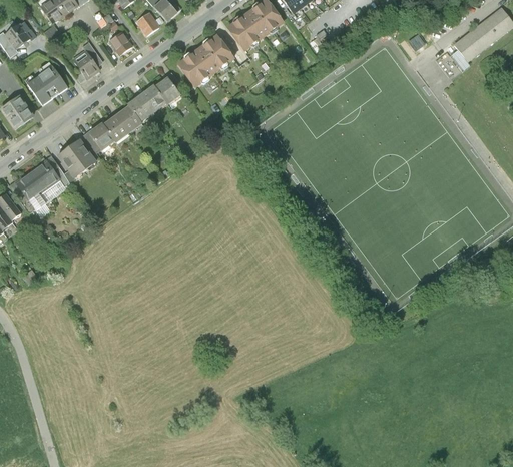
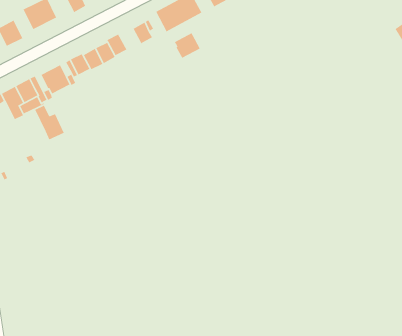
building: none -> [174,32,201,59]
building: [140,84,166,111] -> none
building: none -> [34,104,65,140]

